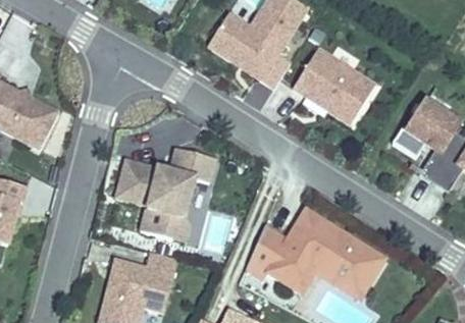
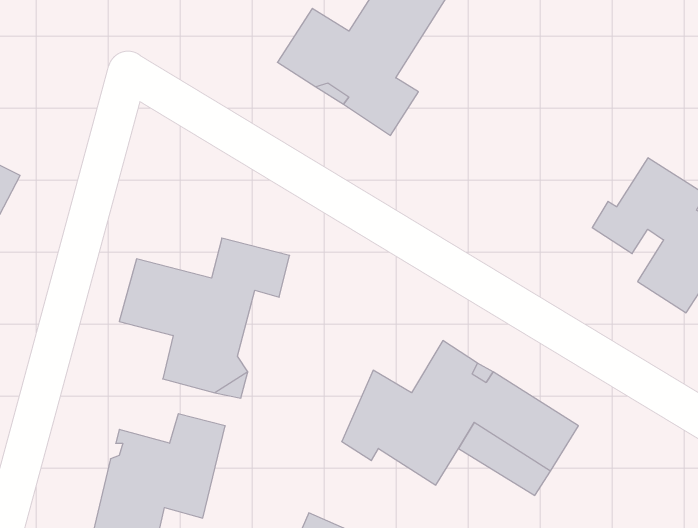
building: [293,48,375,123] -> none

